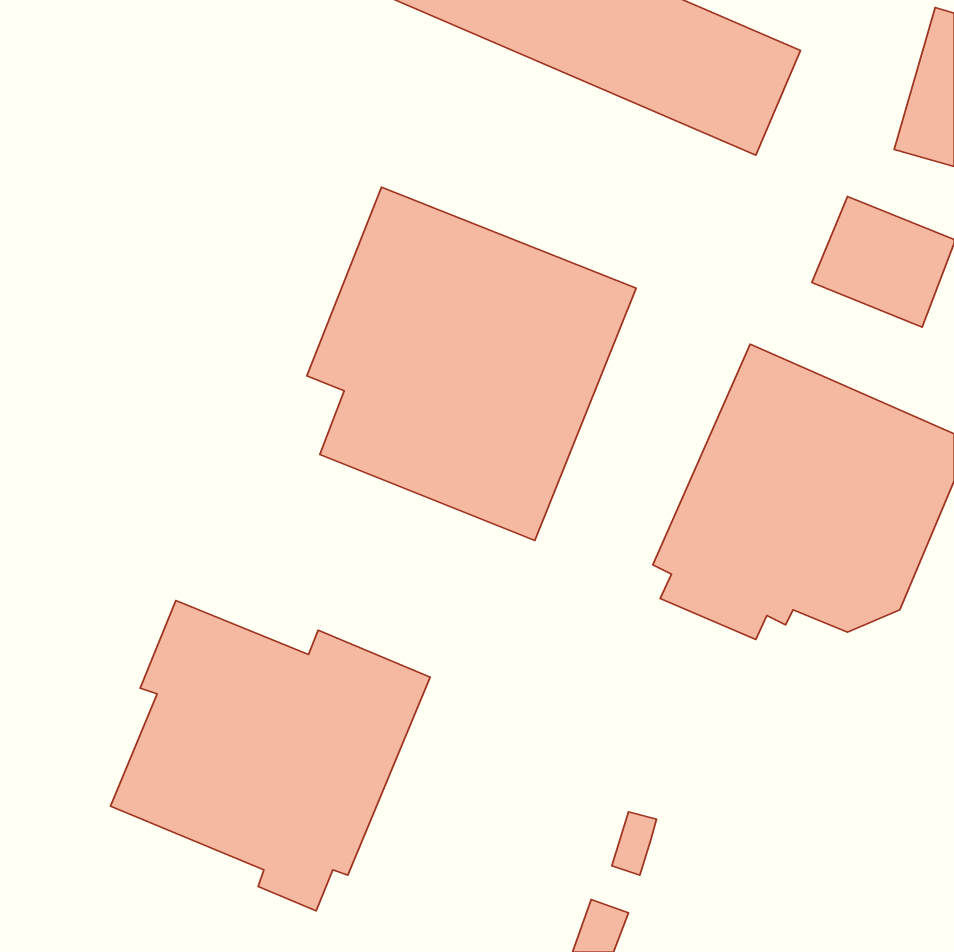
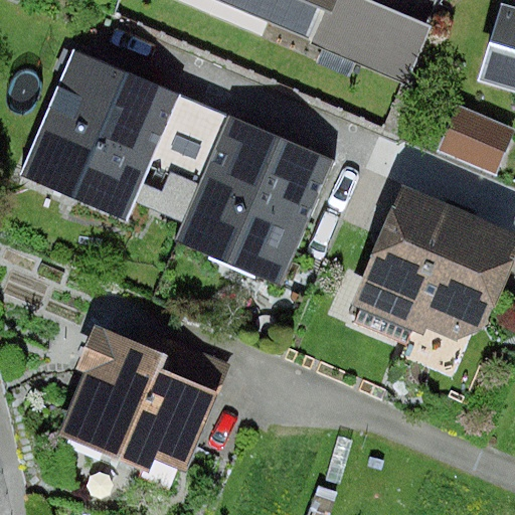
building: none -> [16,45,205,224]

